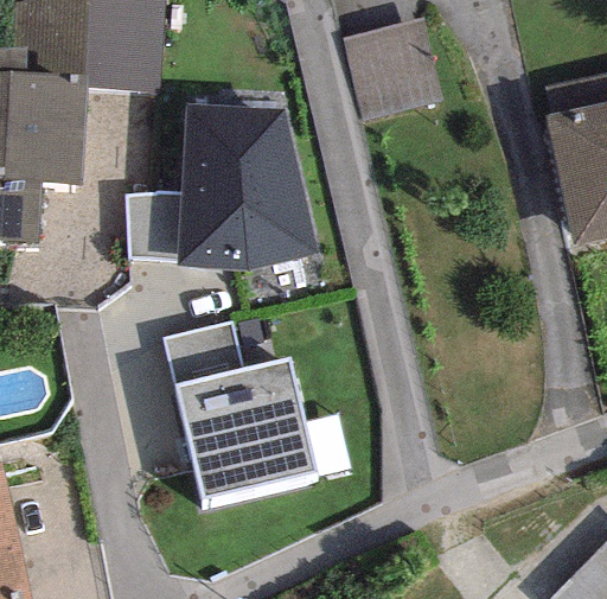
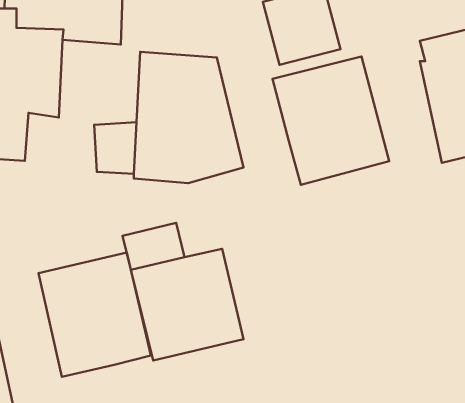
building: none -> [273,56,389,185]
building: none -> [39,252,151,377]

